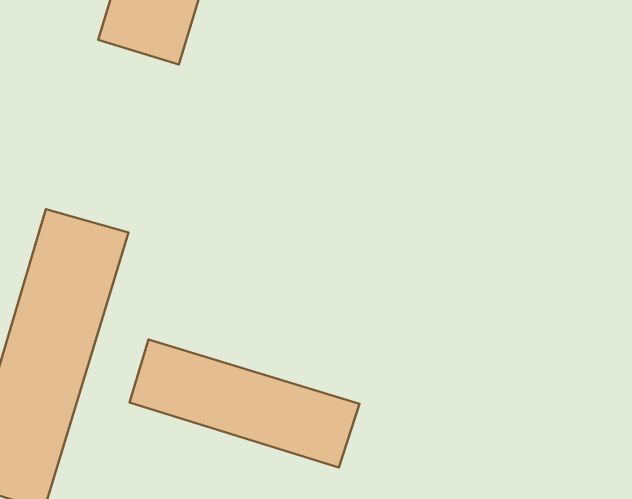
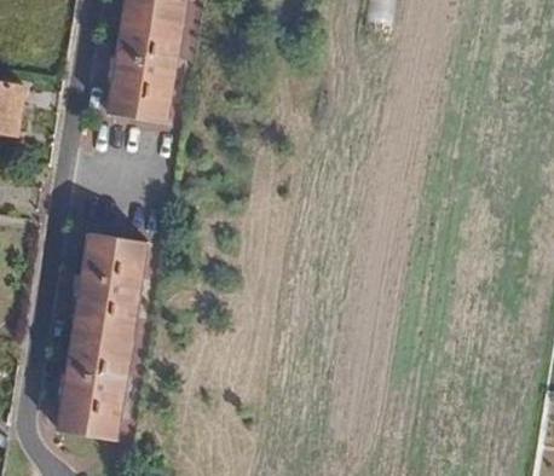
building: [130,340,359,467] -> none

